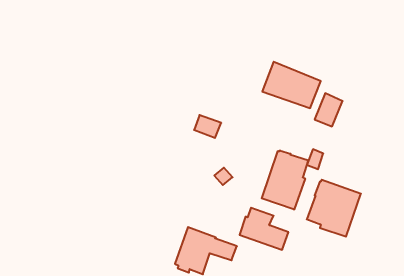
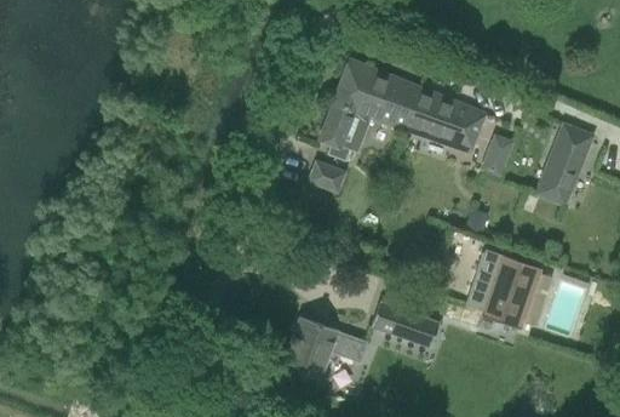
building: none -> [320,59,419,161]
building: none -> [534,122,595,207]
building: [262,150,308,210] -> none

